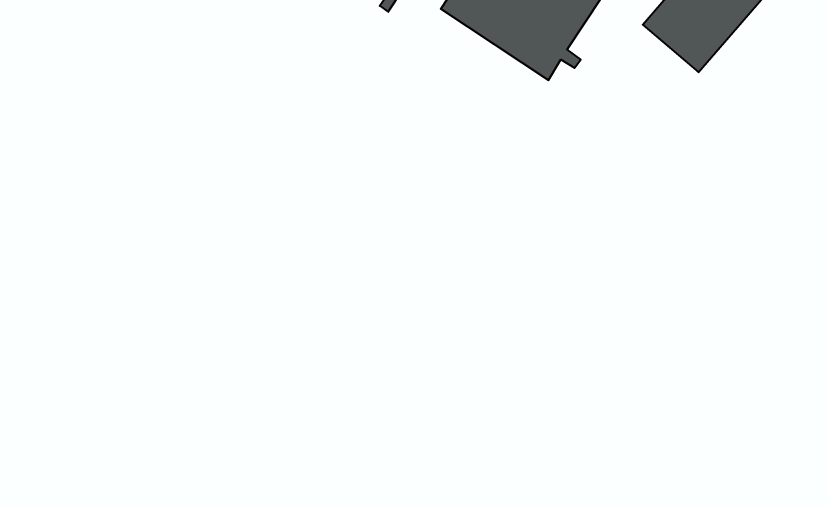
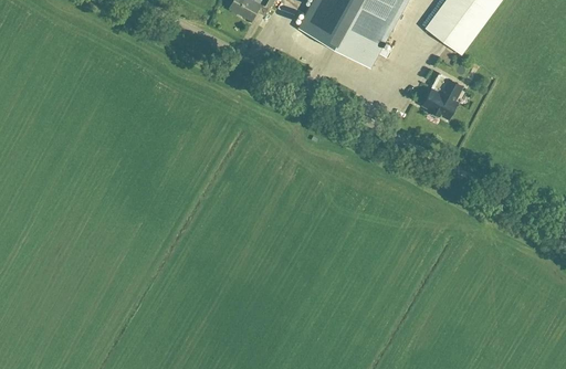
building: none -> [422,78,462,119]

